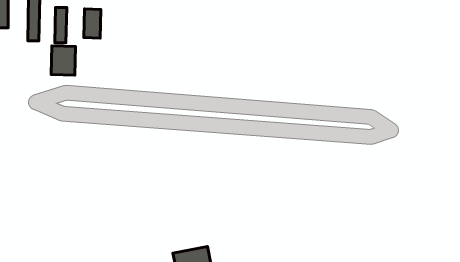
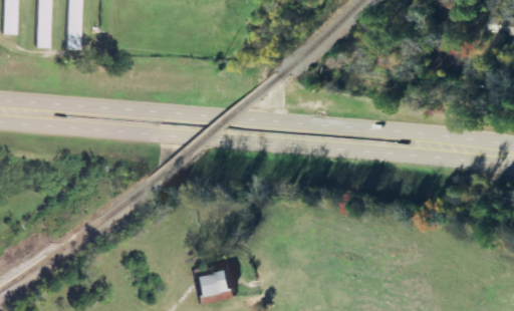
building: [84,9,101,38] -> none
building: [51,46,76,75] -> none

